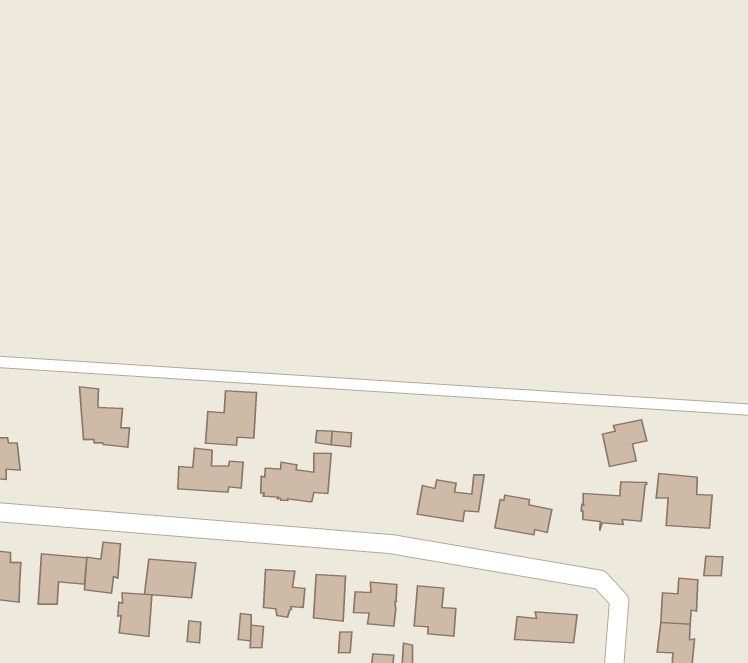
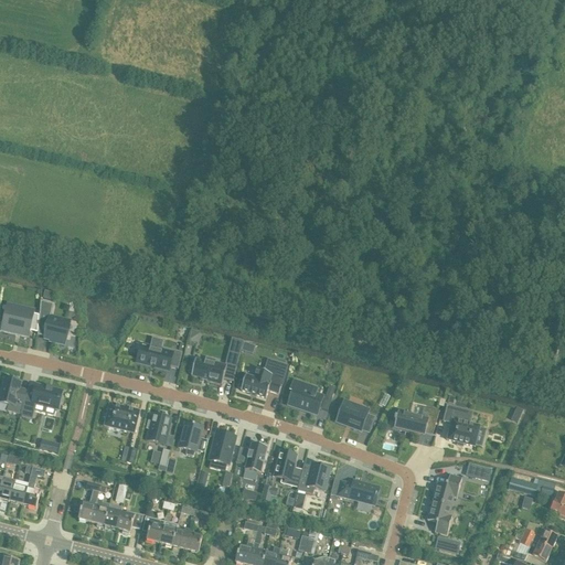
building: [79,387,129,447] -> [36,299,67,343]
building: [205,391,257,445] -> none
building: [602,420,647,467] -> none
building: none -> [238,360,287,396]
building: [85,542,121,593] -> none
building: [118,593,152,636] -> [145,413,170,444]
building: none -> [296,462,329,492]

